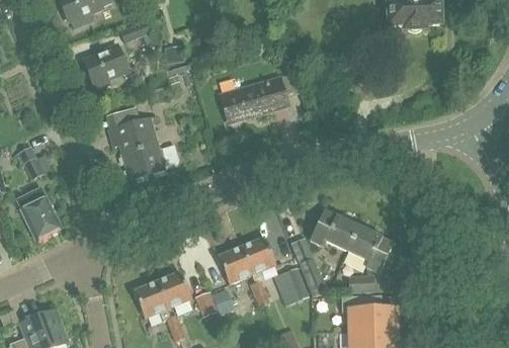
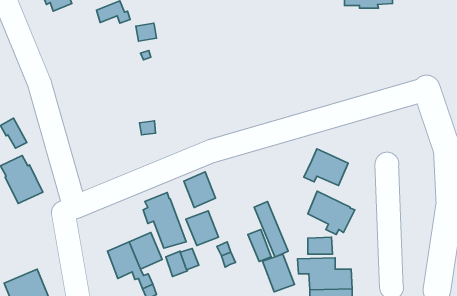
building: [85,45,128,84] -> none
building: [221,77,287,120] -> none
building: [108,117,165,180] -> none
building: [310,209,357,249] -> [304,149,348,186]
building: none -> [143,193,186,248]
building: [240,236,274,274] -> [184,172,216,208]
building: none -> [263,254,294,292]

